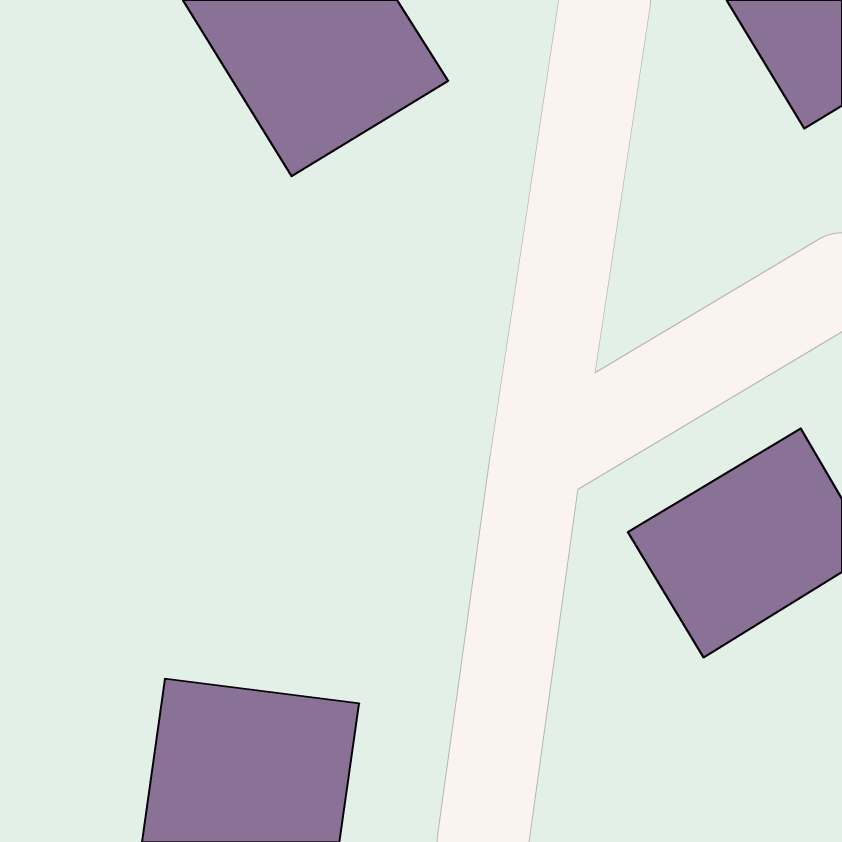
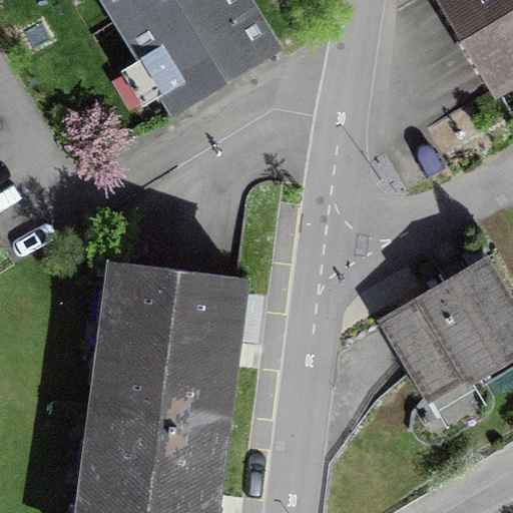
building: none -> [100,262,237,428]

